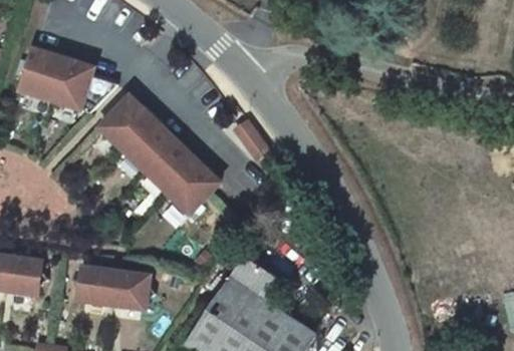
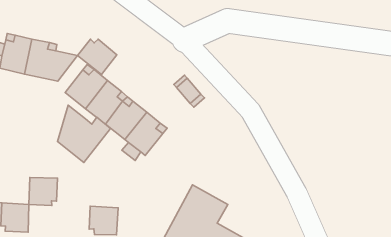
building: none -> [77,39,117,74]
building: none -> [57,105,110,163]
building: [77,266,115,303] -> [29,177,58,206]

